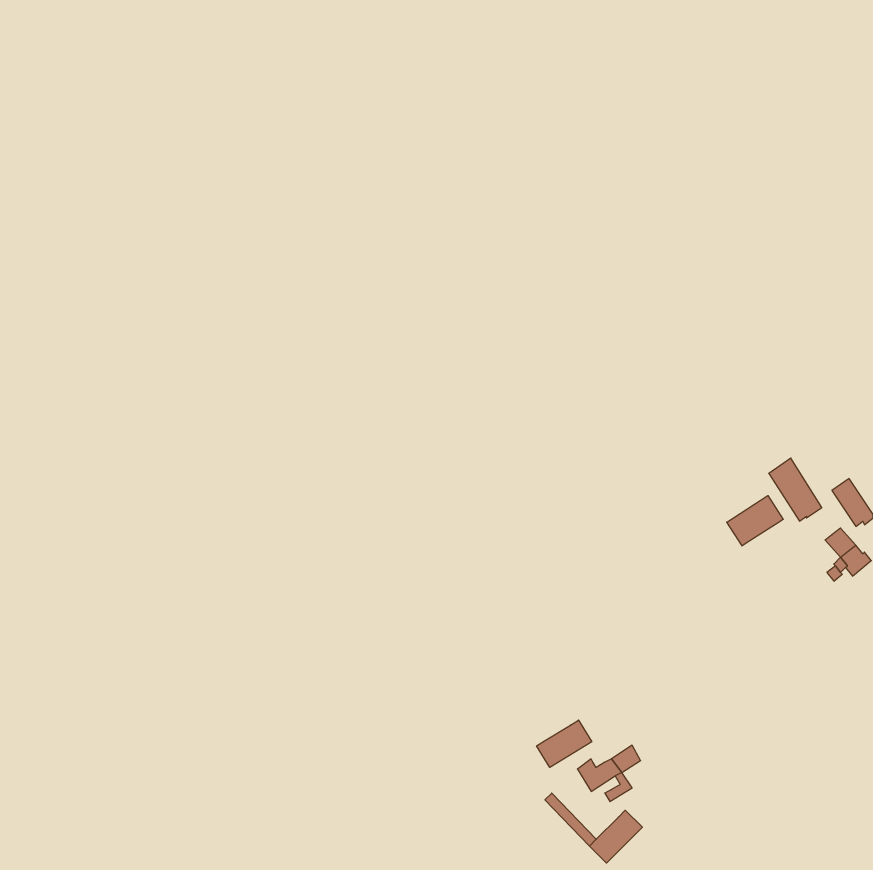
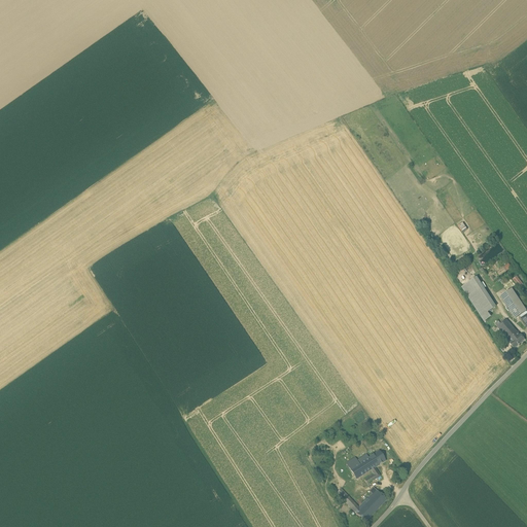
building: [727,496,783,546] -> none
building: [537,720,592,767] -> none

